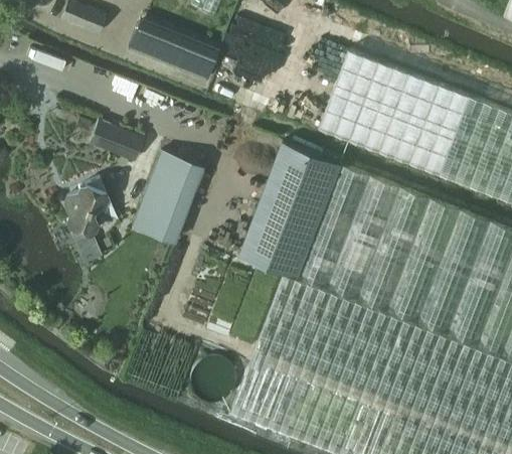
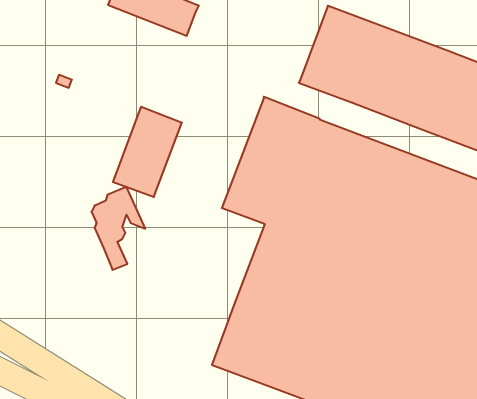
building: [89,122,144,163] -> none
building: [63,180,118,264] -> [91,187,145,270]

